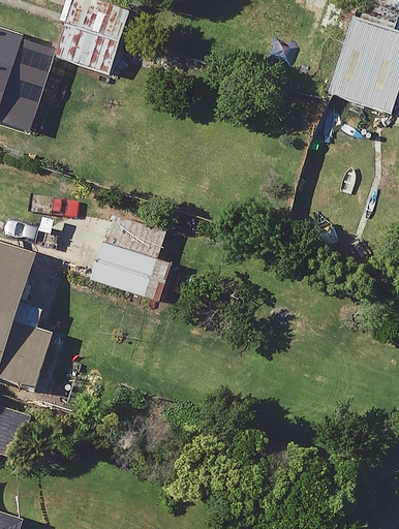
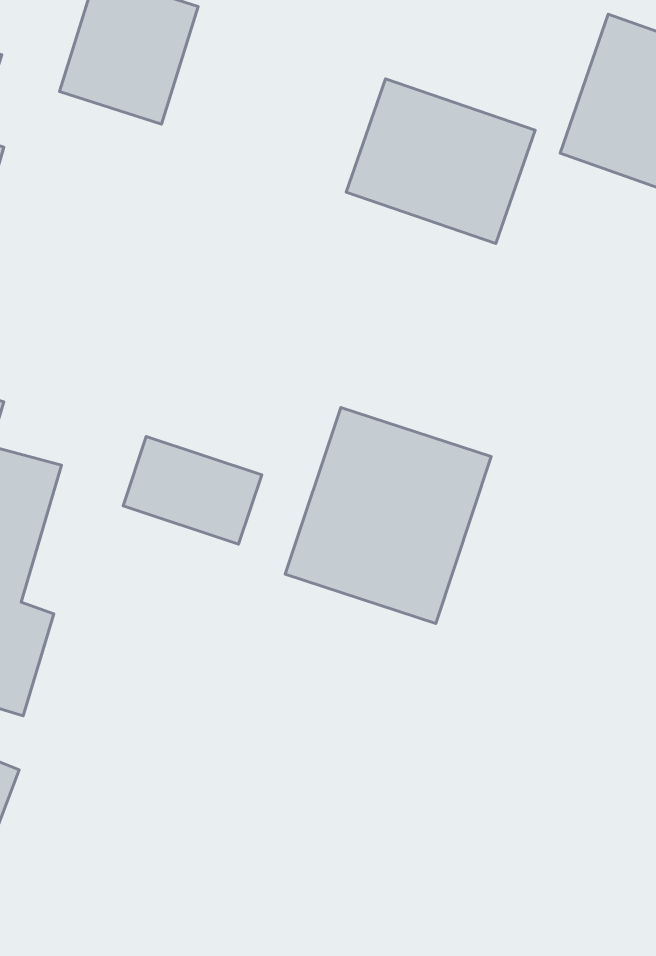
building: none -> [346,79,535,243]
building: none -> [285,407,491,623]

